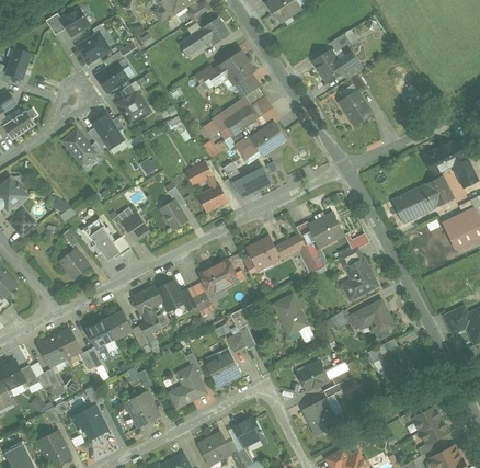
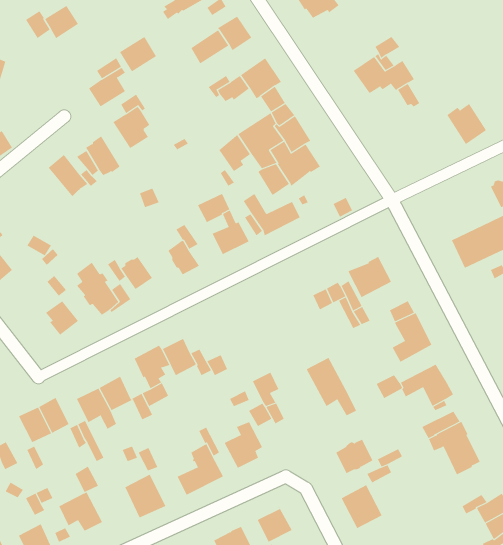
building: [77,33,107,62] -> [119,36,157,72]
building: [339,92,372,126] -> [447,103,487,145]
building: [247,236,281,270] -> none
building: [198,259,238,290] -> none

